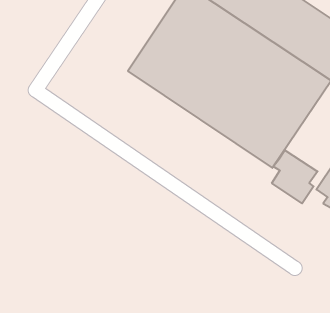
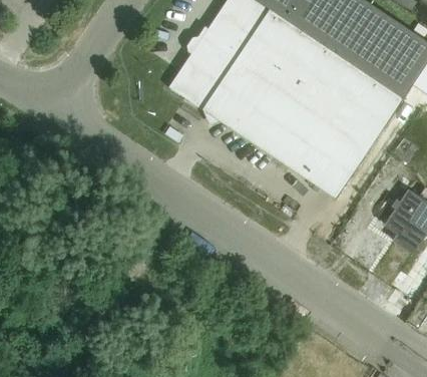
building: [272,150,318,203] -> none

